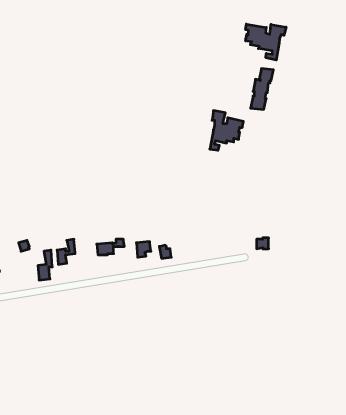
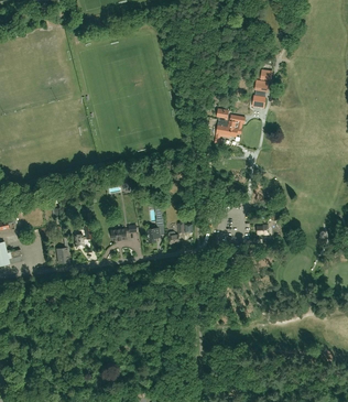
building: [246,24,286,60] -> none

